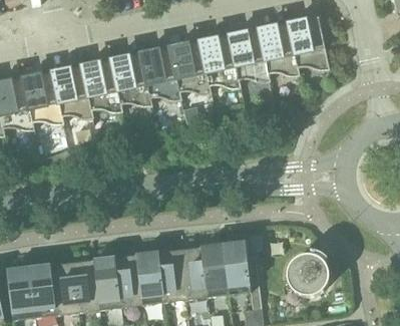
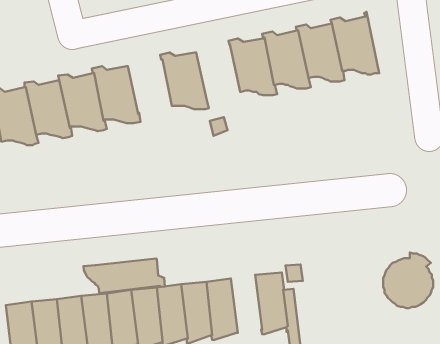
building: [168,43,211,93] -> none
building: [110,56,152,105] -> none
building: none -> [83,258,165,293]
building: [201,243,228,297] -> none
building: [286,248,329,296] -> [383,252,433,308]

